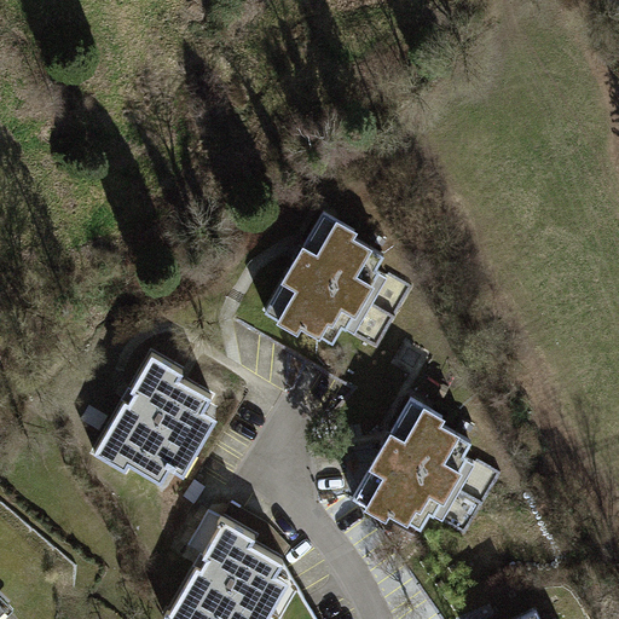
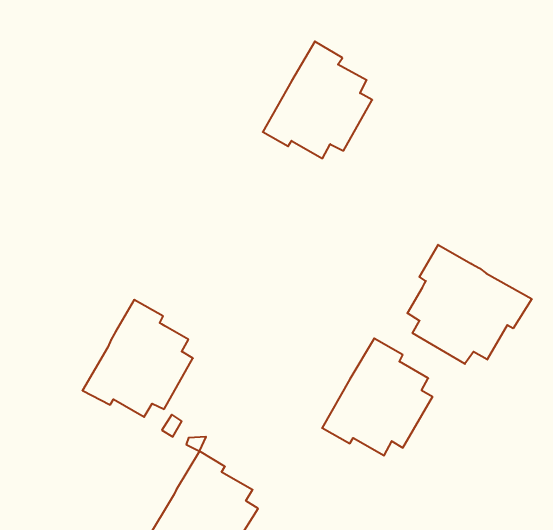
building: [270,216,389,345] -> [263,41,372,158]
building: none -> [407,245,532,364]

